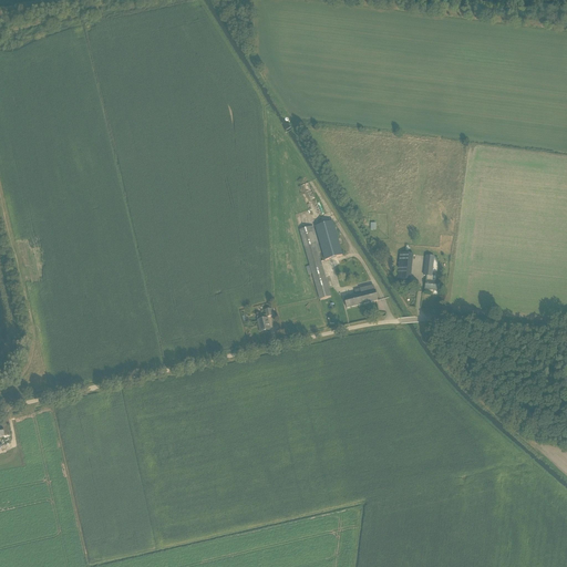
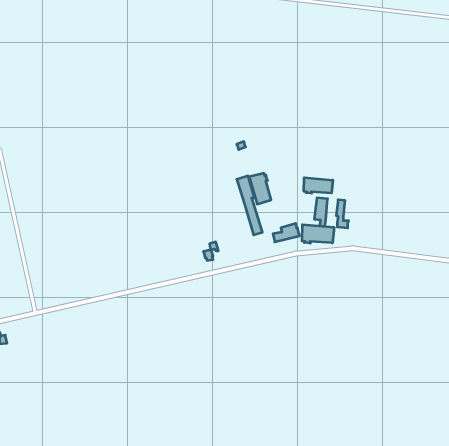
building: none -> [304,178,333,193]
building: none -> [302,225,334,243]

